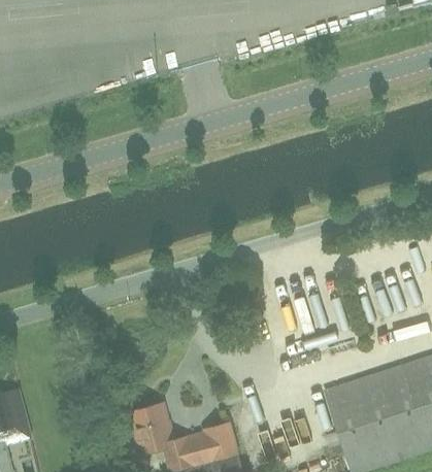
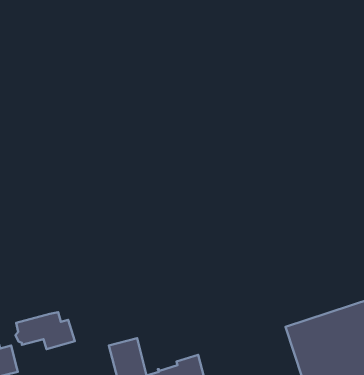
building: none -> [16,312,75,349]

